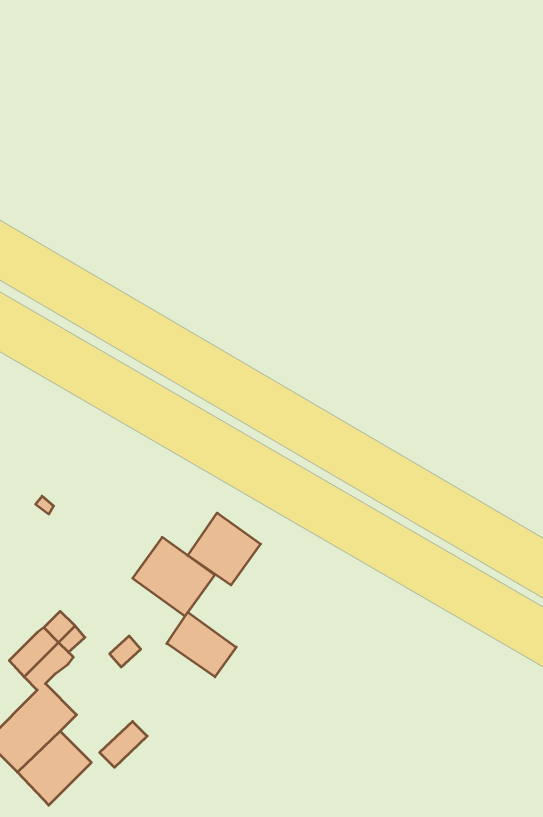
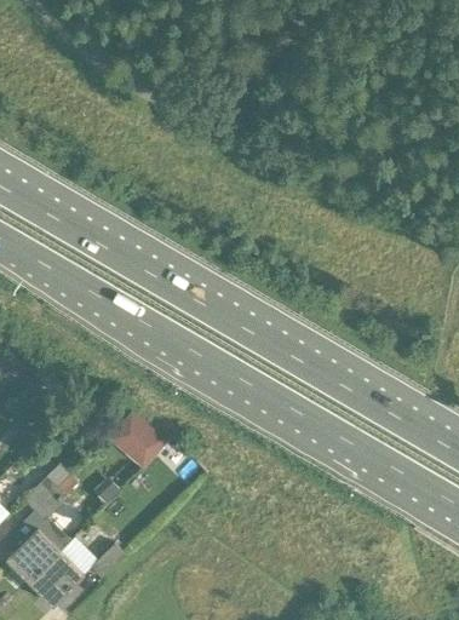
building: [188,513,261,585] -> none
building: [167,612,236,677] -> none

